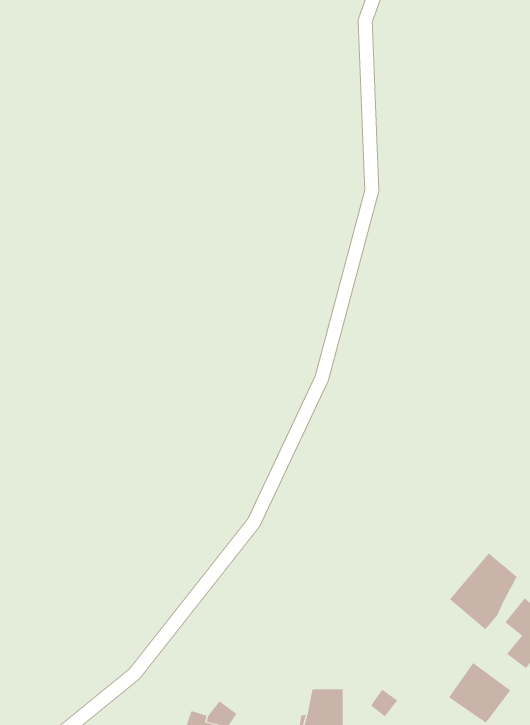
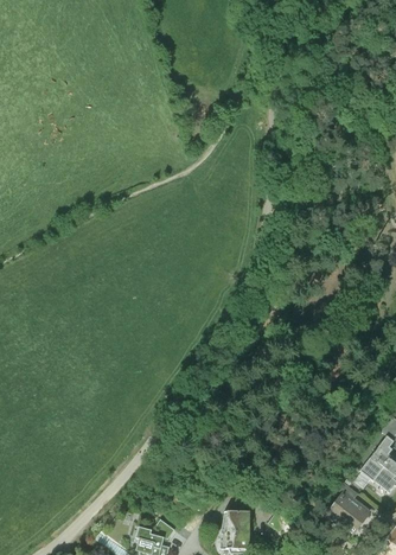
building: [449,552,518,630] -> none

